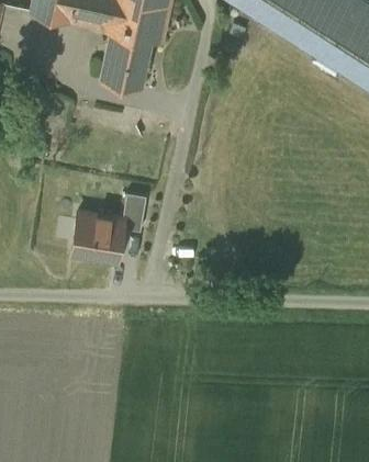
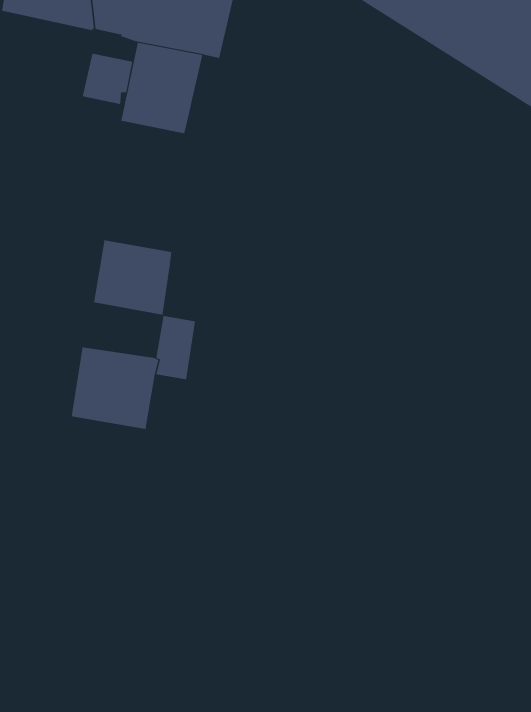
building: none -> [82,53,133,105]
building: none -> [93,239,172,316]

